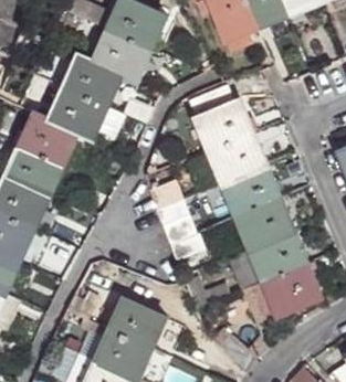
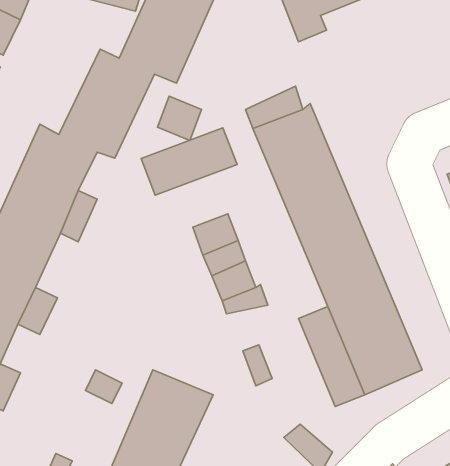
building: none -> [141,128,237,195]

